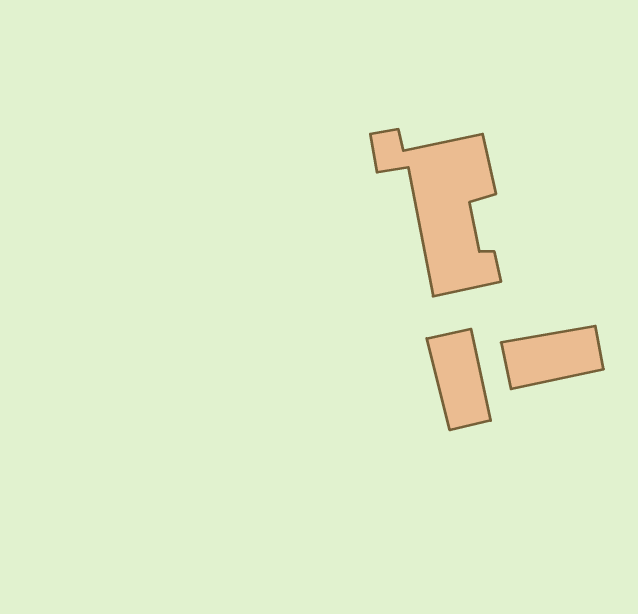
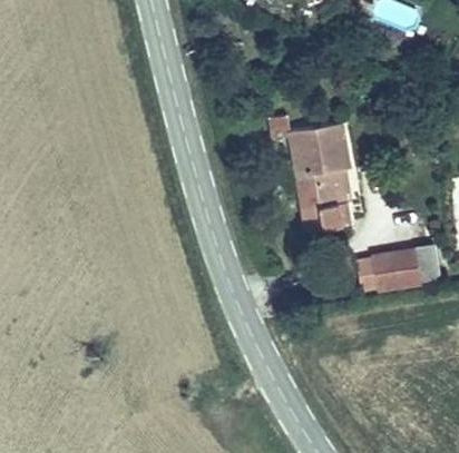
building: [427,329,491,430] -> none

